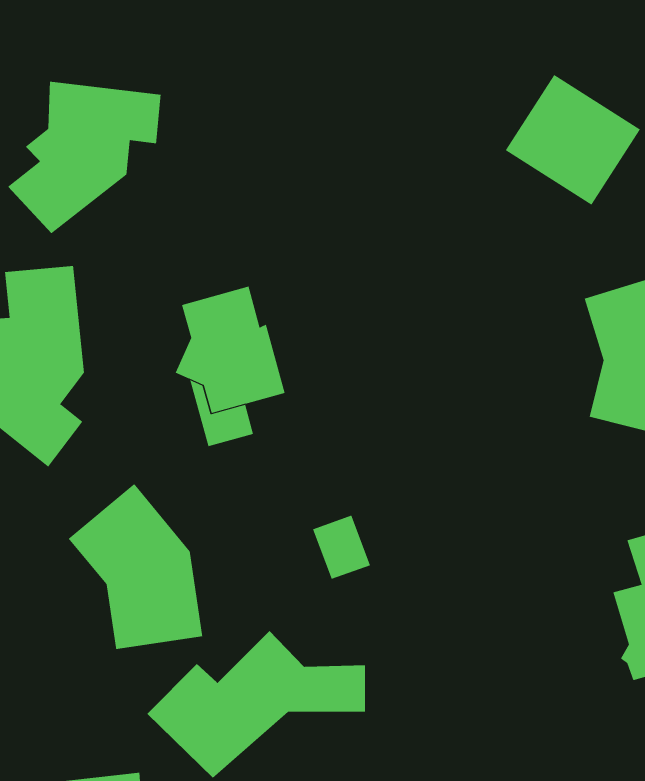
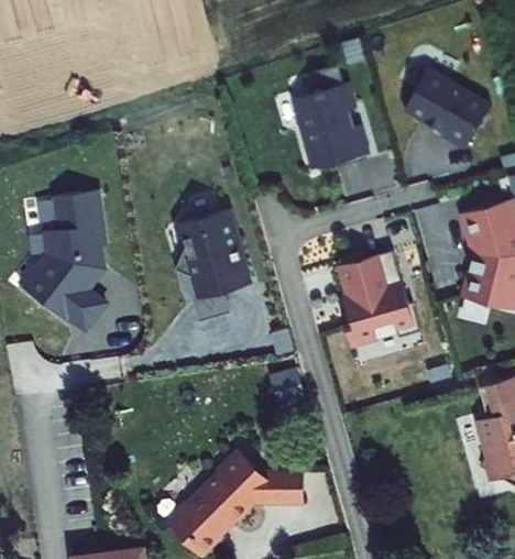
building: [7,81,161,234] -> none
building: none -> [289,83,371,172]
building: none -> [333,252,415,346]
building: [68,483,203,650] -> none

